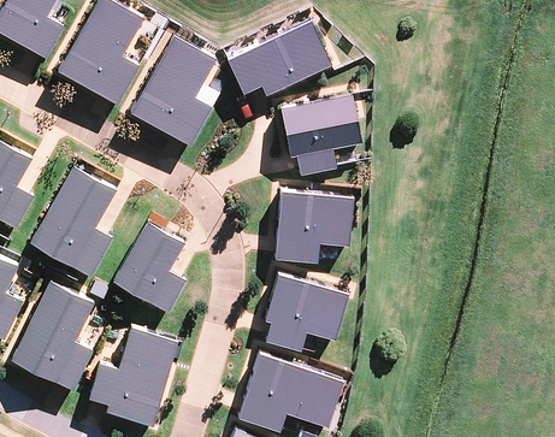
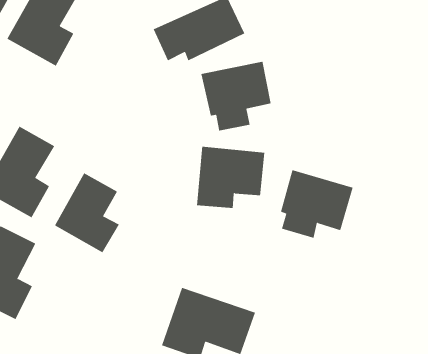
building: [131,39,214,144] -> none
building: [264,273,347,352] -> [280,169,353,238]
building: [90,327,177,424] -> none

